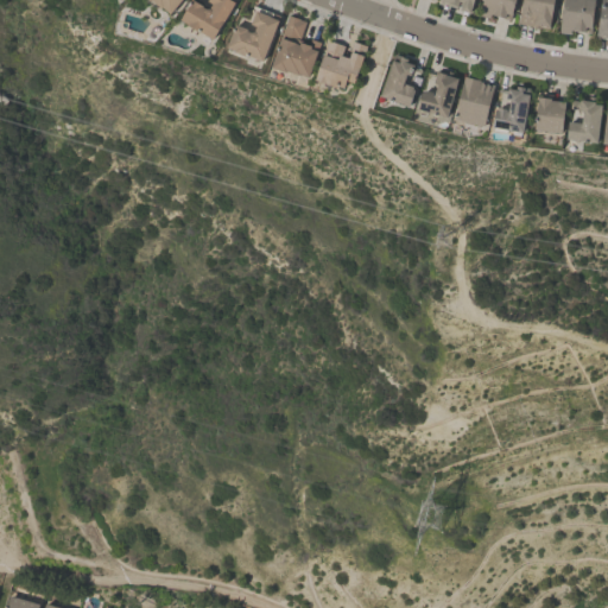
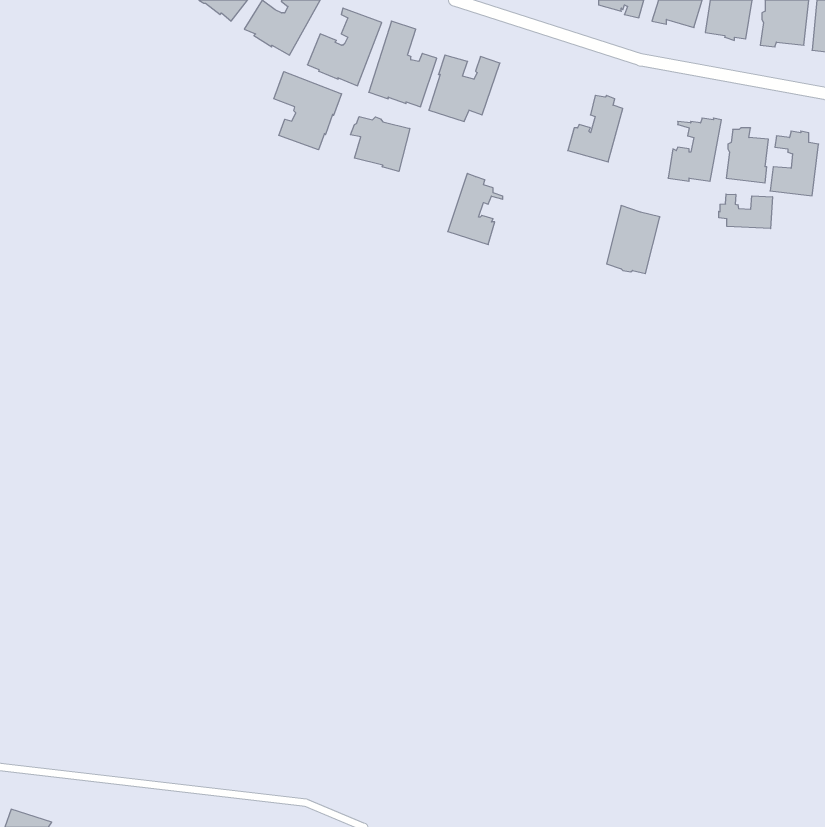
building: none -> [274,72,342,150]
building: [381,55,422,107] -> [448,173,503,245]
building: [455,76,494,126] -> [607,206,660,274]
building: none -> [350,117,410,171]
building: none -> [719,194,772,229]

